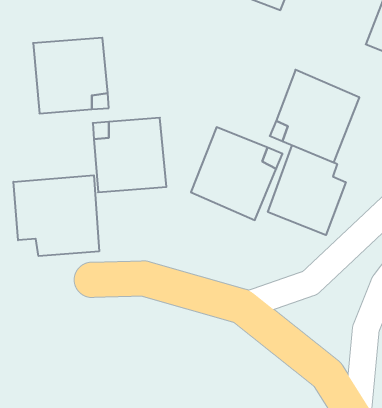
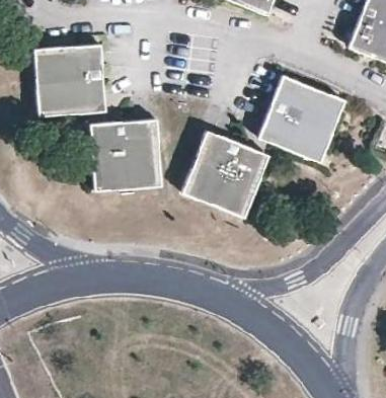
building: [268,145,346,235] -> none
building: [13,175,99,256] -> none

